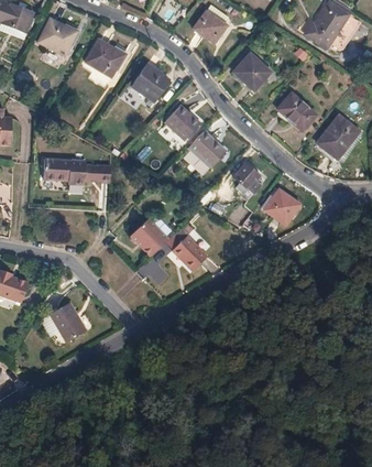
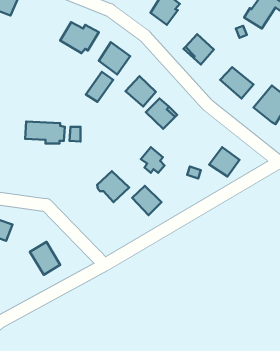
building: [37,19,85,55] -> none
building: none -> [86,72,113,102]
building: [233,163,262,194] -> [141,147,165,173]

